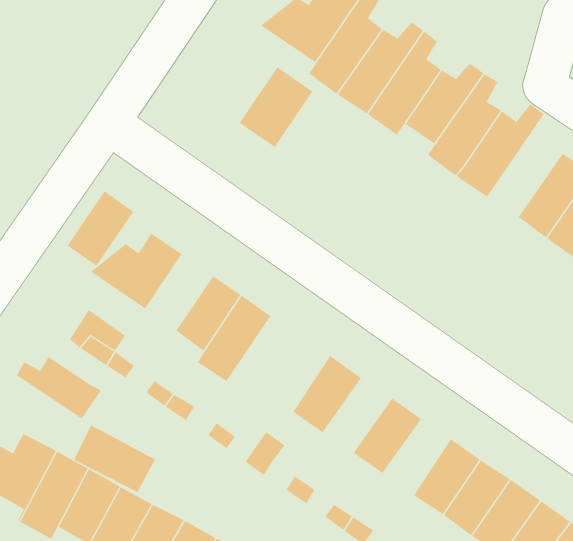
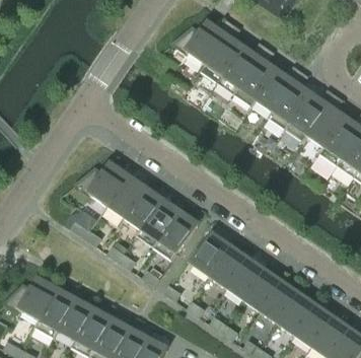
building: [239,67,313,148] -> none
building: none -> [307,93,346,152]
building: [67,190,134,267] -> [107,173,146,217]
building: none -> [154,209,198,259]
building: [16,356,102,419] -> none
building: none -> [209,244,248,287]
building: none -> [243,268,282,311]
building: [73,425,156,493] -> none

